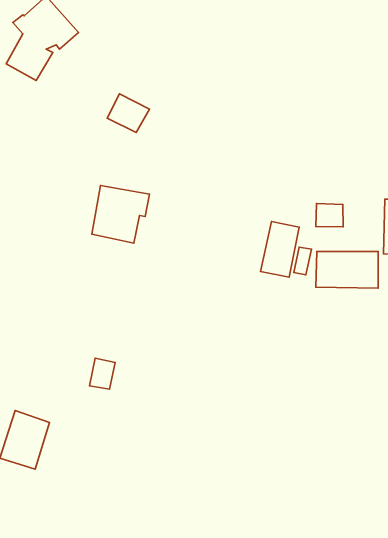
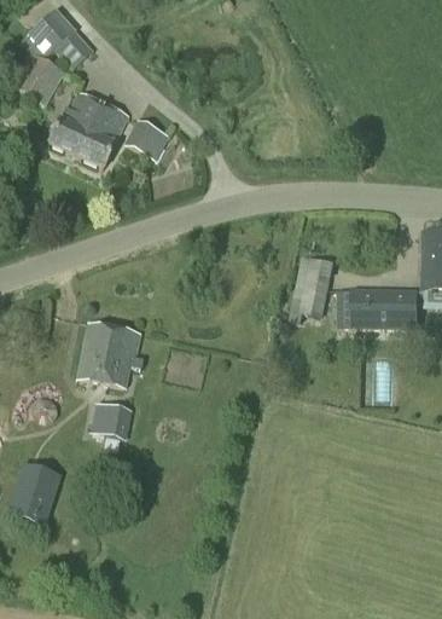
building: none -> [48,89,128,166]
building: [92,185,149,243] -> [78,323,141,386]
building: [316,204,343,227] -> none

